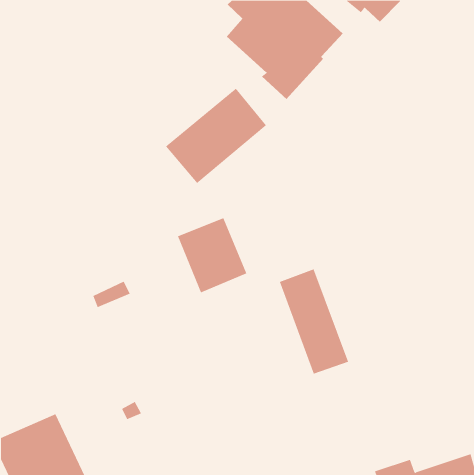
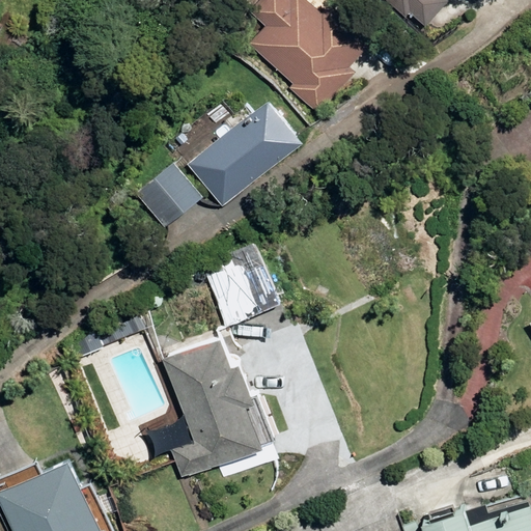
building: none -> [136,163,200,228]
building: [279,269,349,375] -> none
building: none -> [162,338,274,479]

